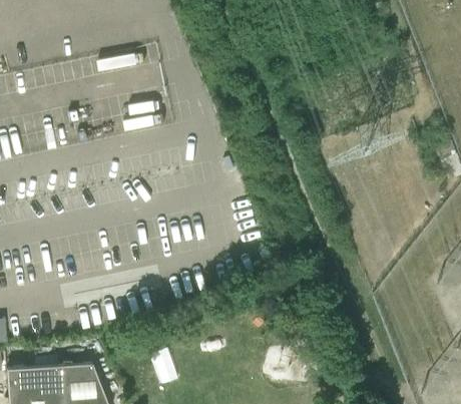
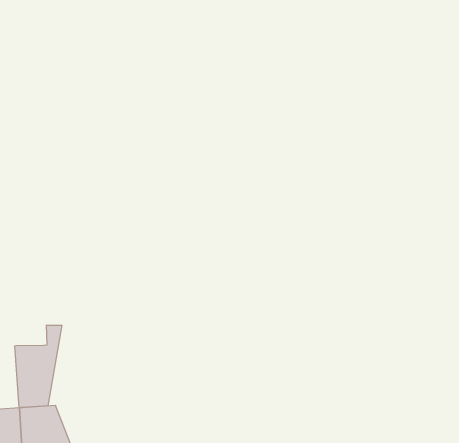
building: none -> [15,325,62,408]

